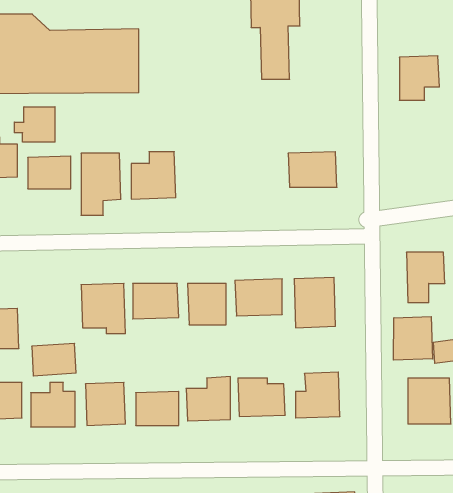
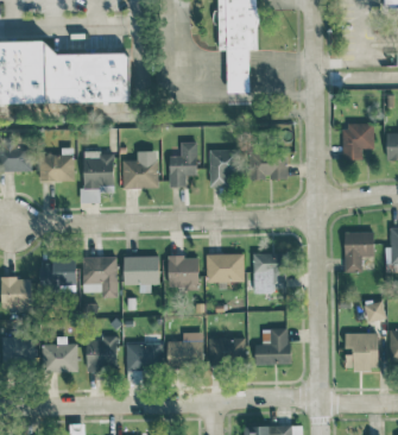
building: [399,56,439,100] -> [342,124,374,159]
building: [14,107,55,142] -> none
building: none -> [169,141,197,188]
building: none -> [208,150,239,190]
building: [393,317,433,360] -> none
building: [32,343,76,376] -> [42,260,77,286]

